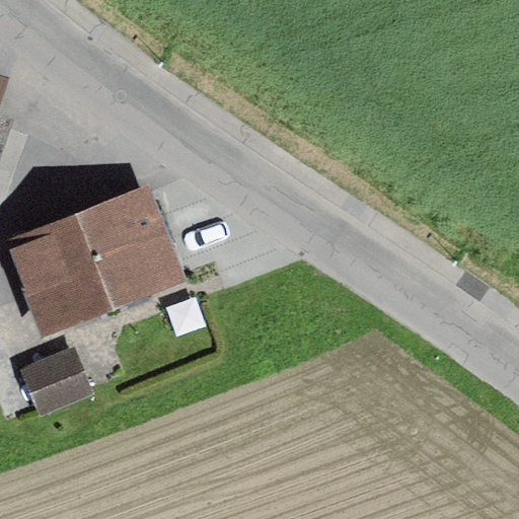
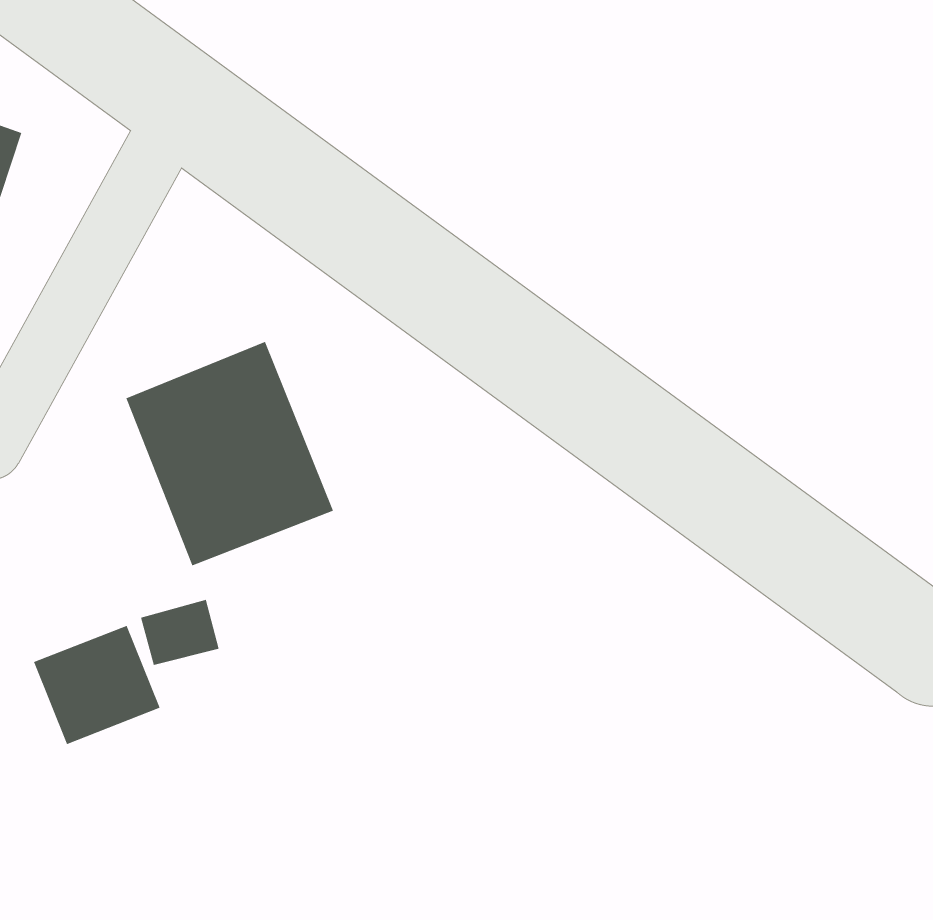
building: [6,219,105,337] -> none

